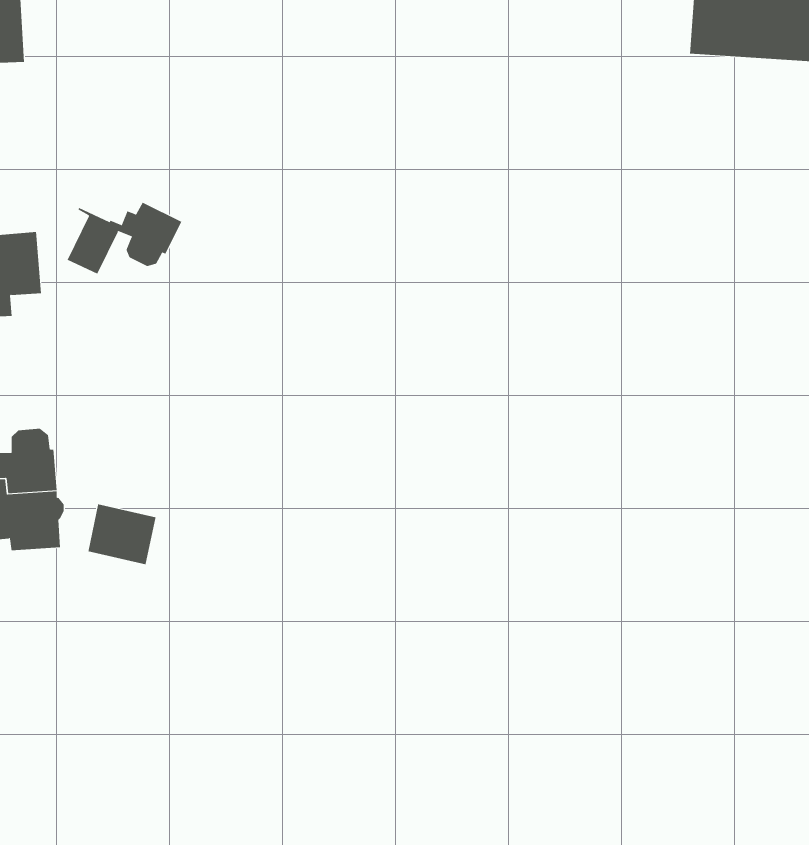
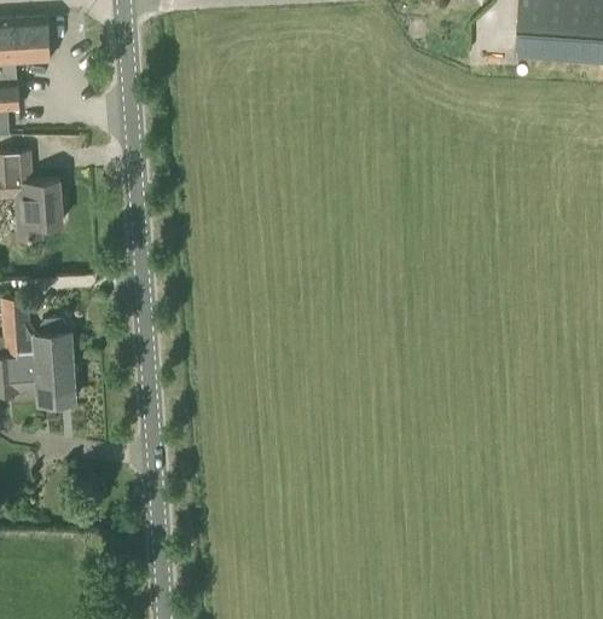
building: [67,202,182,275] -> none
building: [88,504,156,565] -> none

